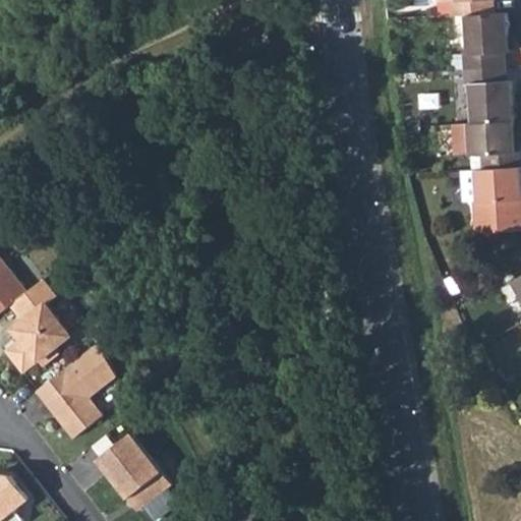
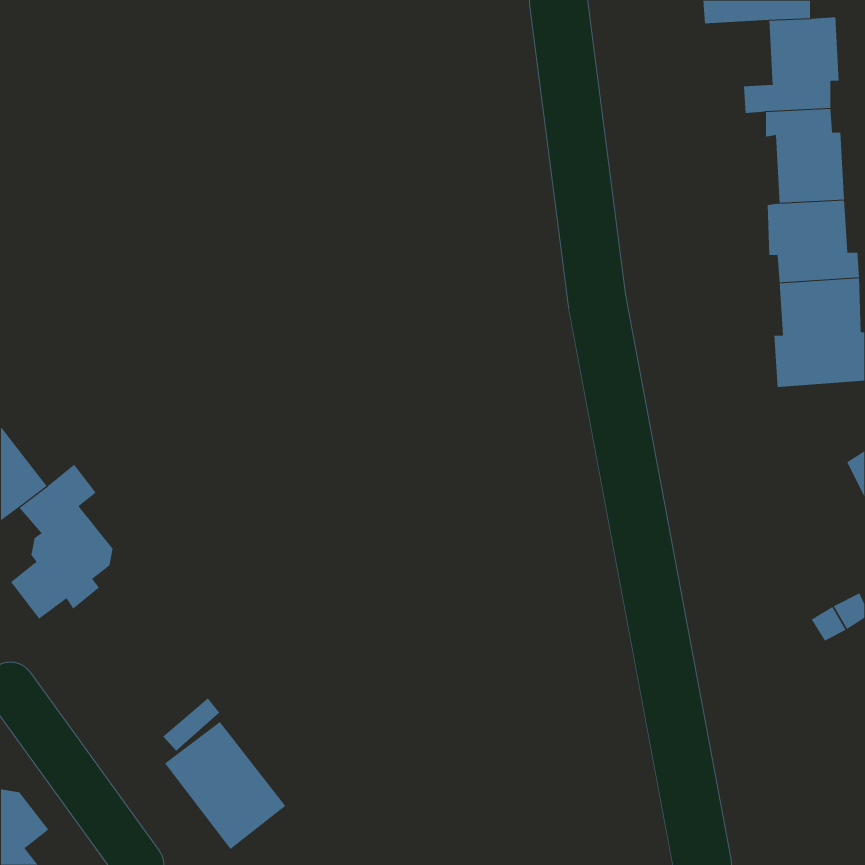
building: [37,342,118,439] -> none

